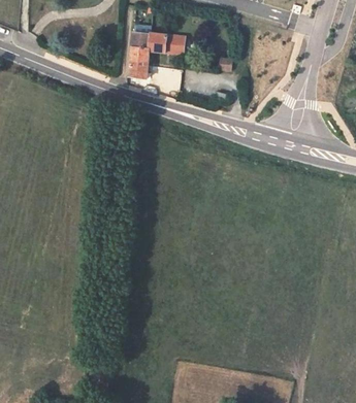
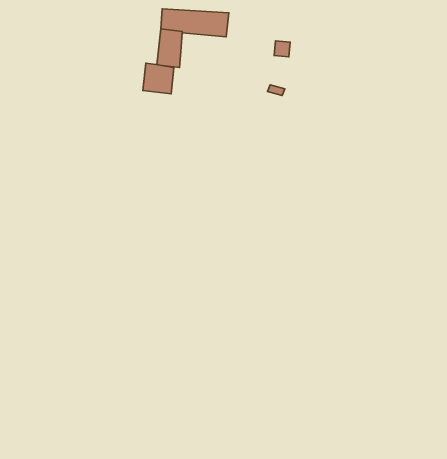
building: none -> [143,63,174,94]

